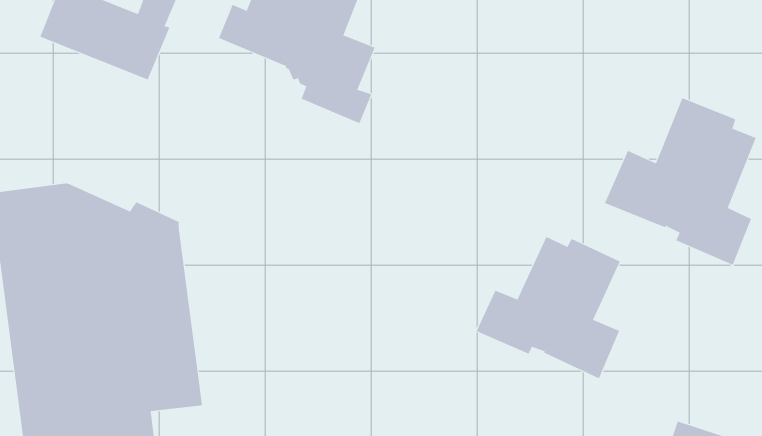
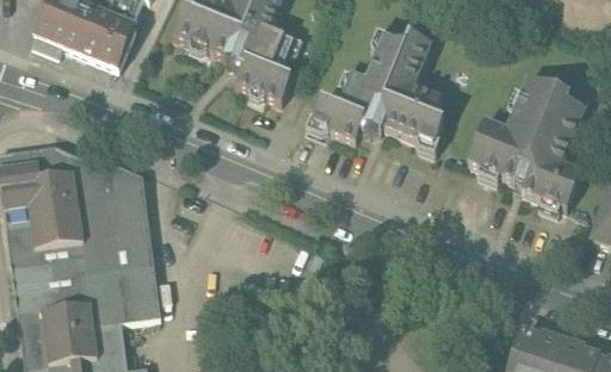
building: none -> [310,32,442,143]
building: [476,236,621,379] -> none

